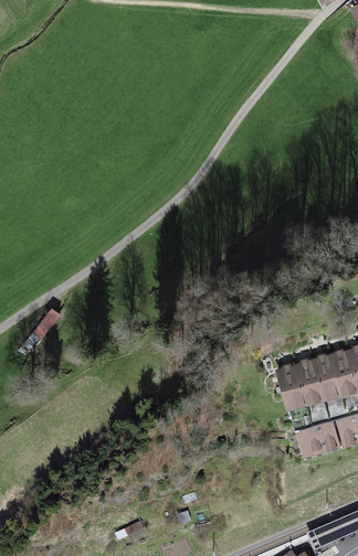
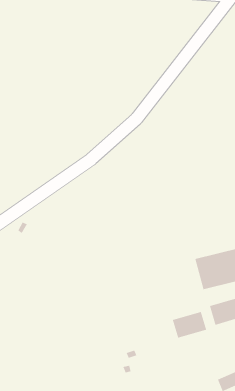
building: none -> [172,311,207,339]

